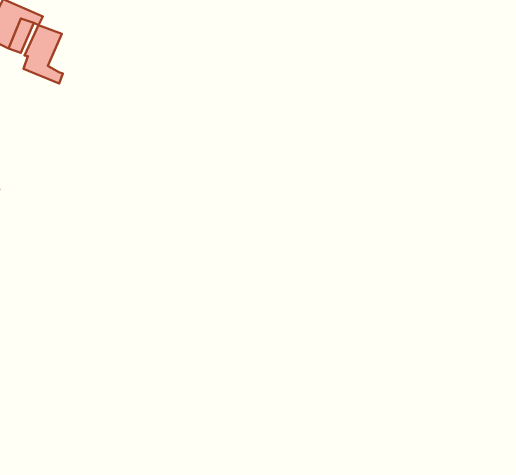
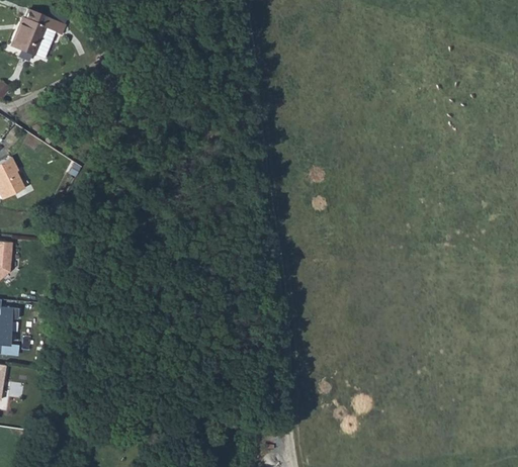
building: [23,25,63,84] -> none

